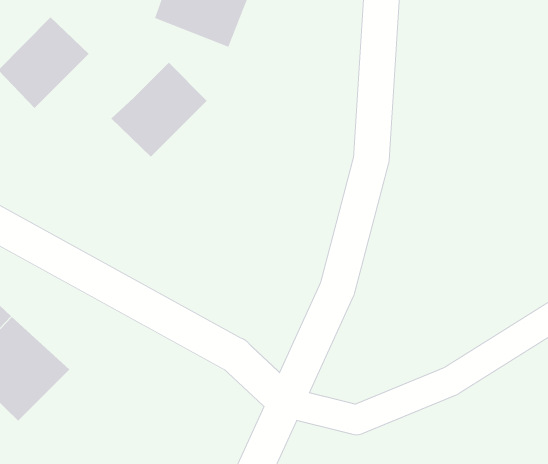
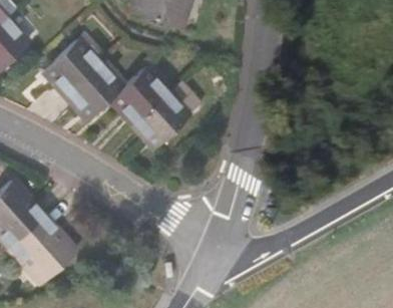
building: none -> [58,49,119,109]
building: none -> [130,78,188,136]

